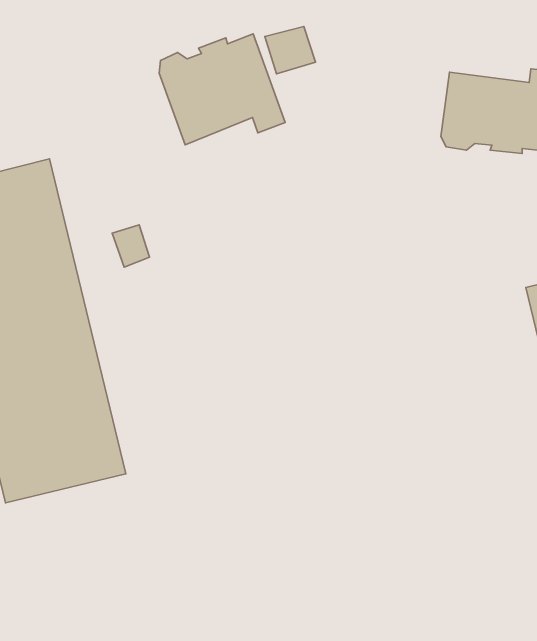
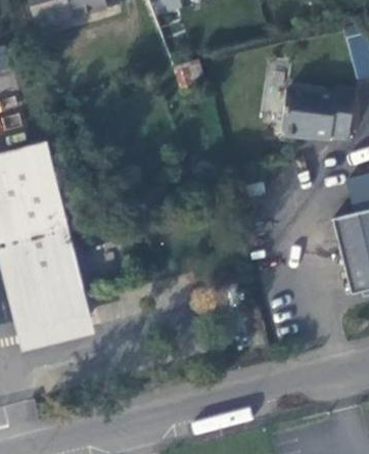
building: [159,34,285,145] -> none

